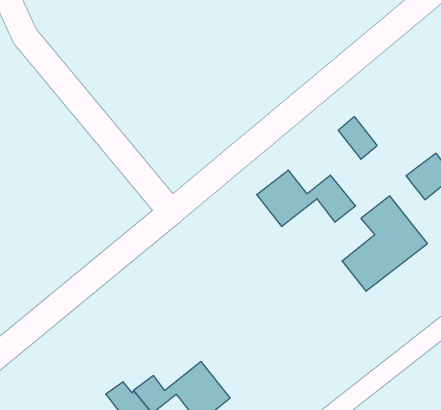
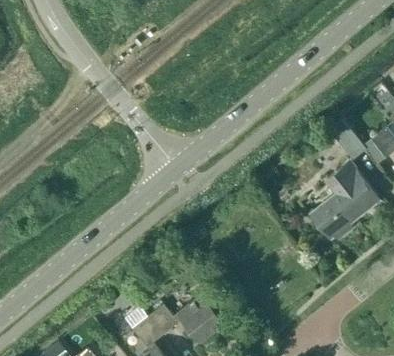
building: [338,117,377,159] -> [336,126,367,160]
building: [257,170,355,227] -> none

